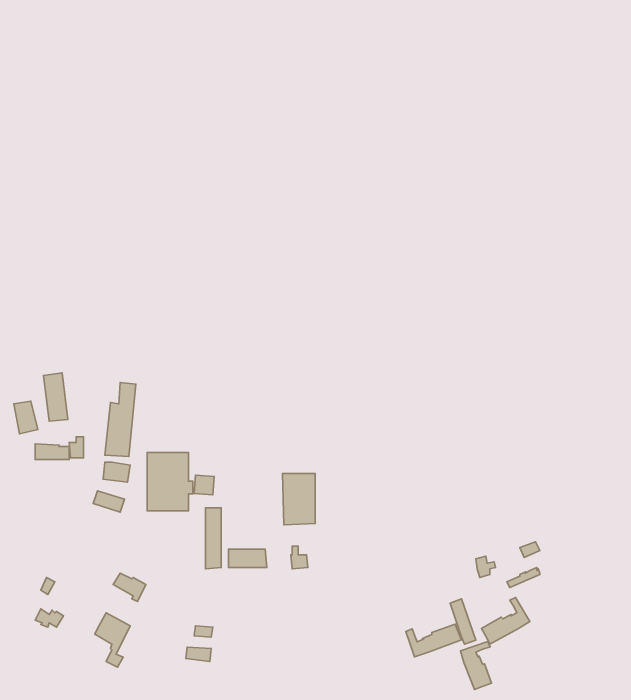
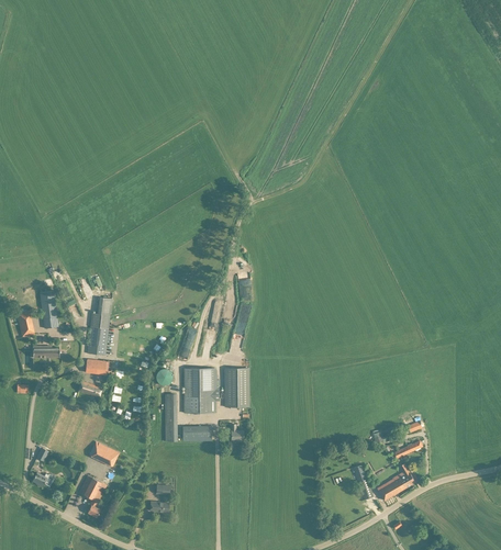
building: [147,453,193,511] -> [183,368,219,413]
building: [406,624,461,657] -> none
building: [460,642,492,690] -> none

